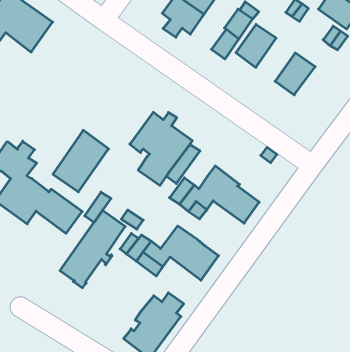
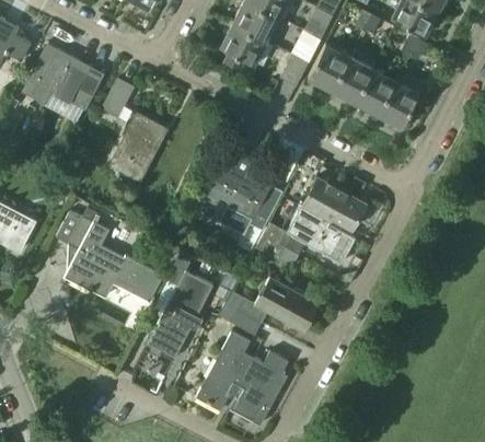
building: none -> [102,77,136,116]
building: none -> [332,56,372,103]
building: none -> [378,81,420,128]
building: [53,130,109,192] -> [109,113,166,181]
building: none -> [302,176,368,229]
building: none -> [196,328,255,409]

